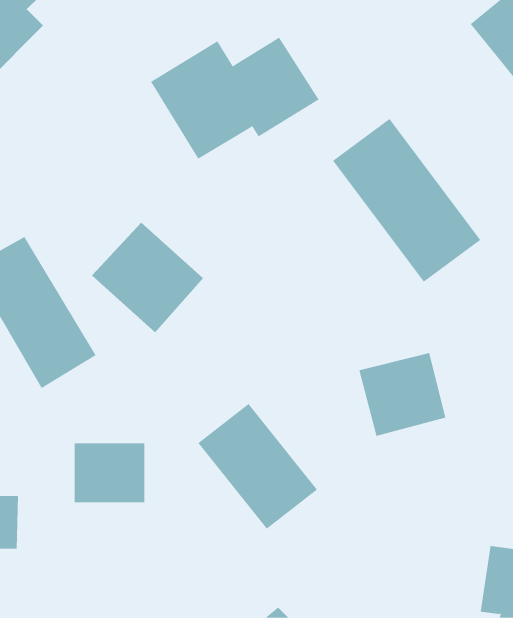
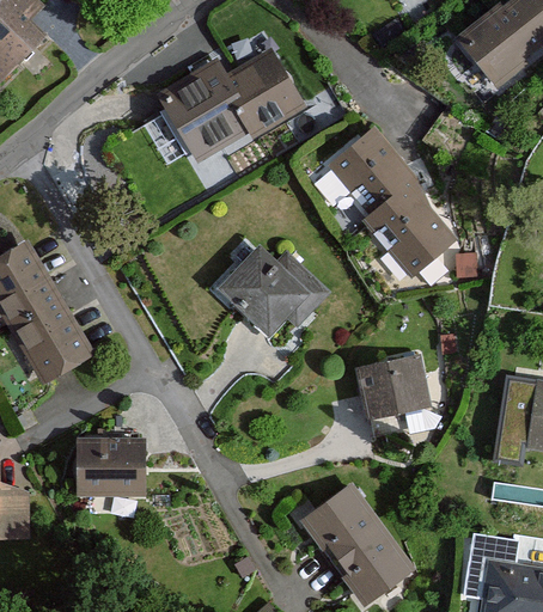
building: [91,222,204,333] -> [211,241,318,348]
building: [198,403,318,530] -> [301,475,416,595]

